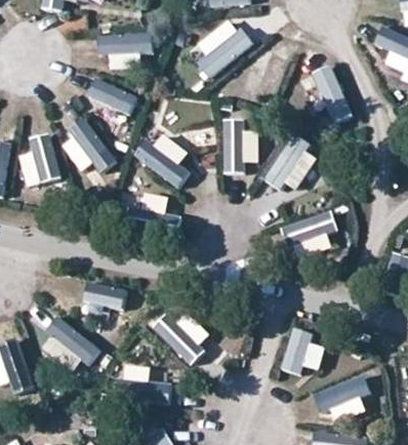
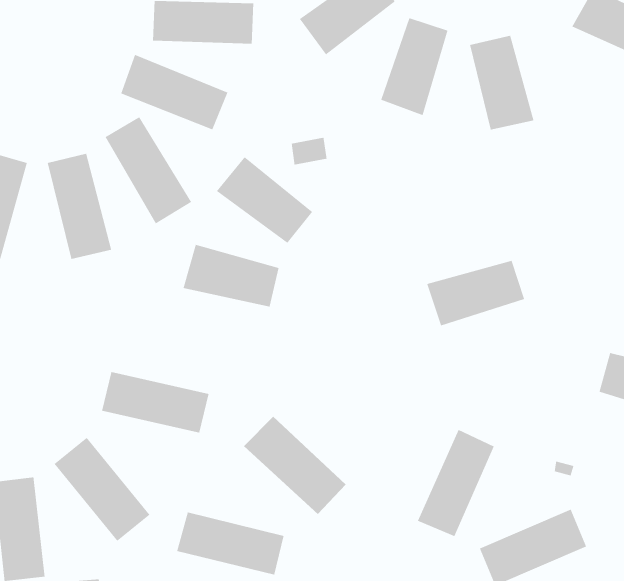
building: [217,125,250,185] -> none
building: [258,146,316,208] -> none

